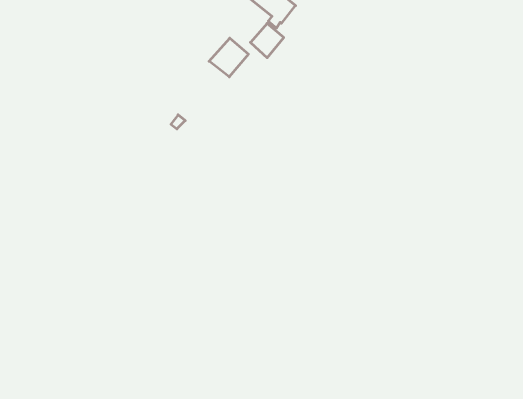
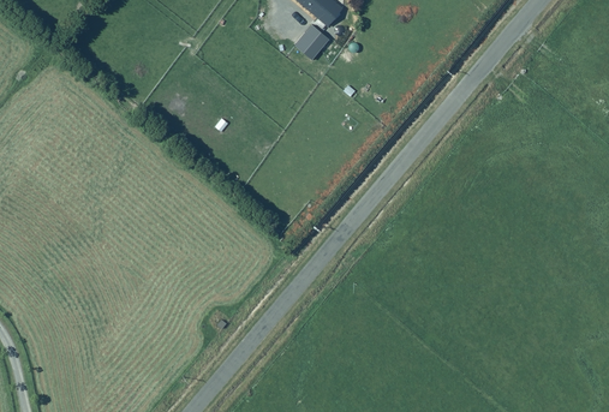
building: [209,38,248,77] -> none

